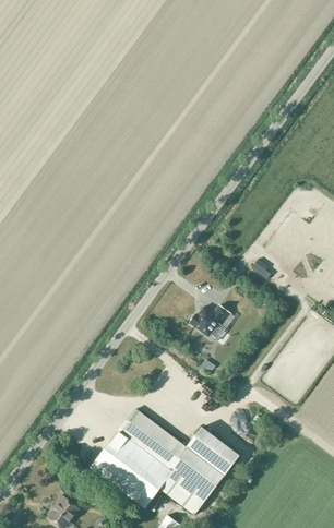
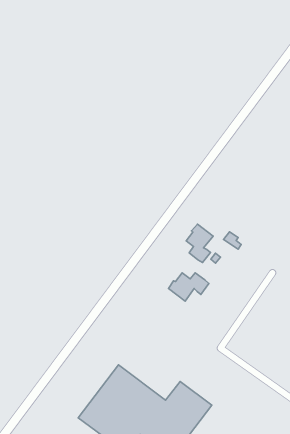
building: none -> [186,224,213,263]

